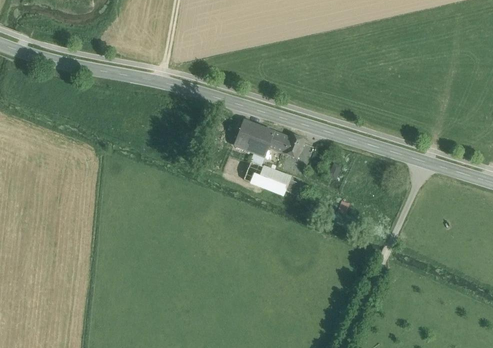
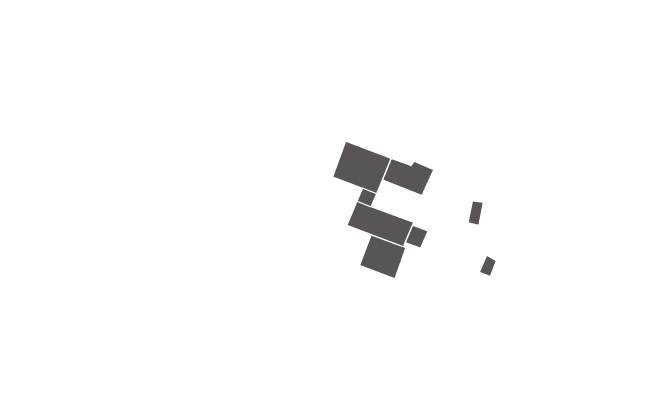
building: none -> [359,235,406,279]

